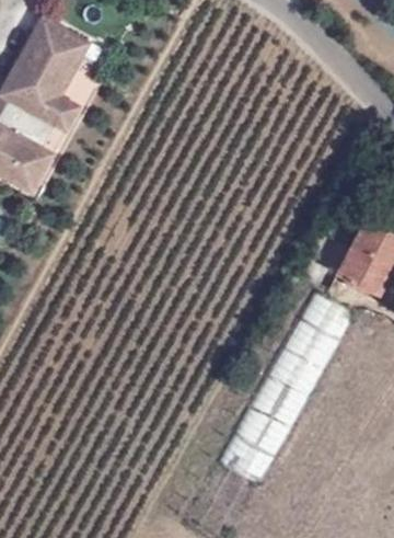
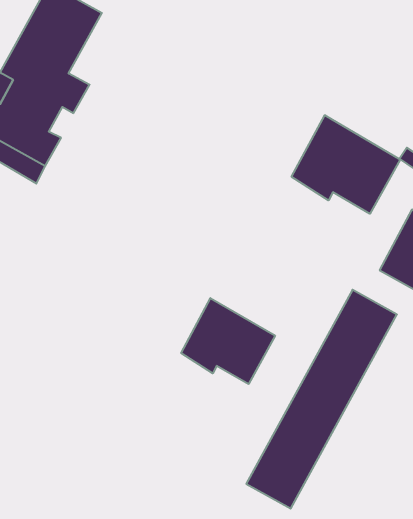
building: none -> [292,115,400,214]
building: none -> [181,298,275,384]

